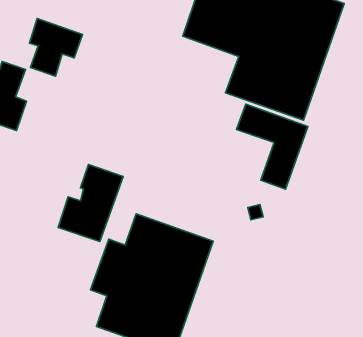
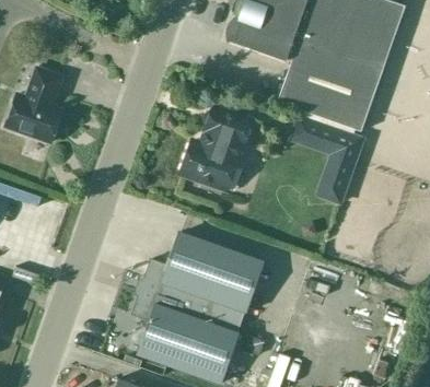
building: [30,19,82,76] -> none
building: [58,164,123,242] -> [181,106,251,189]

